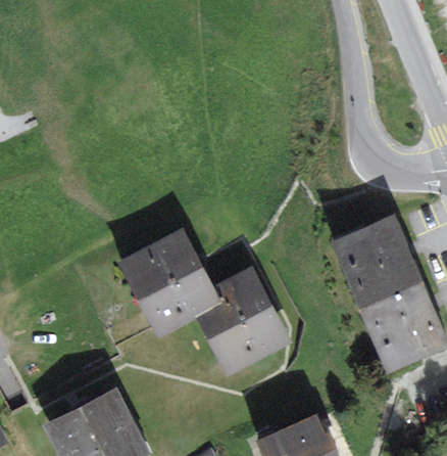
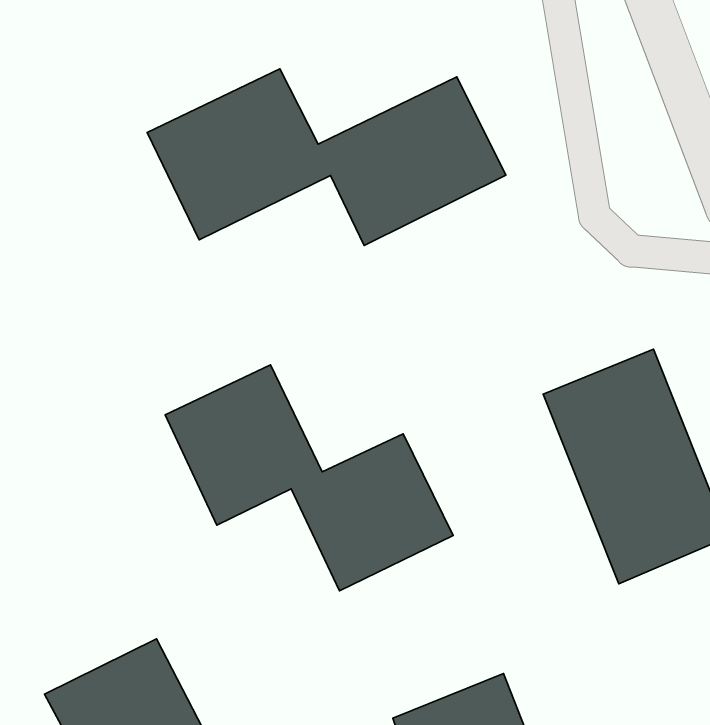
building: none -> [147,69,506,246]

